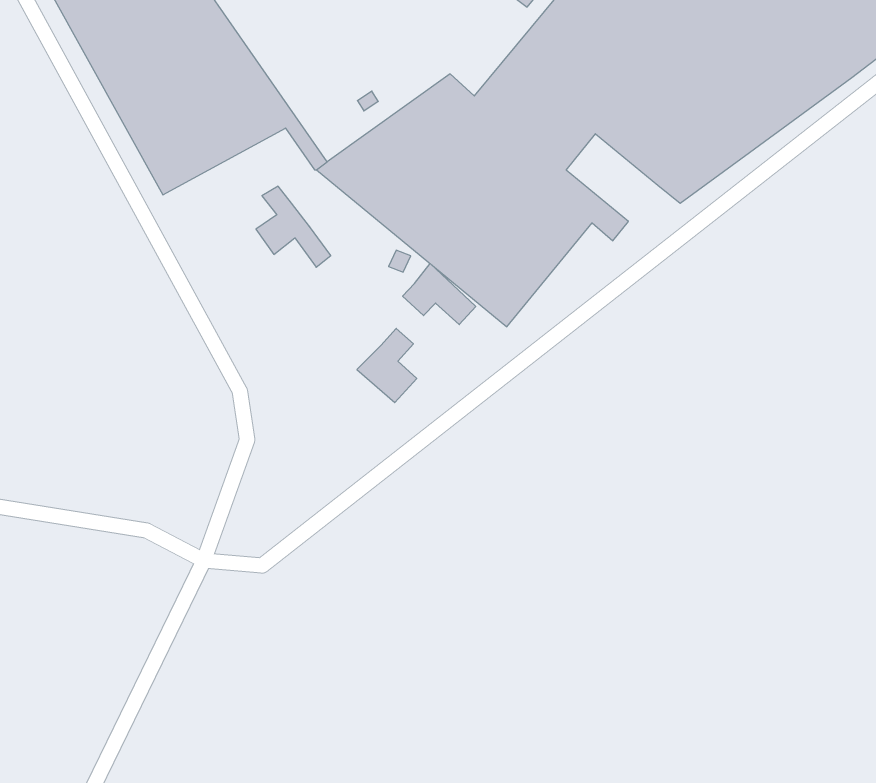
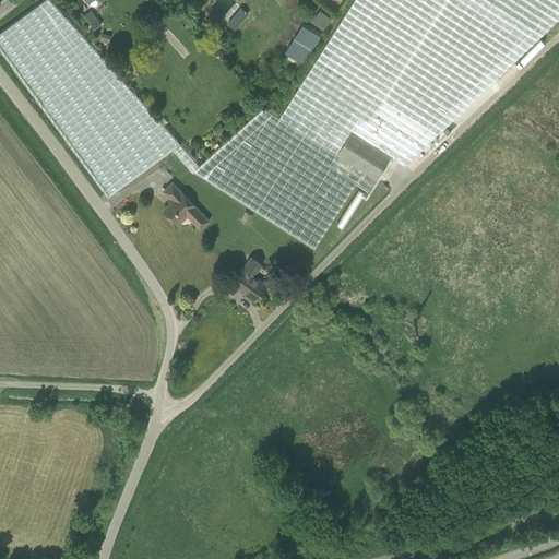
building: none -> [337,131,391,179]
building: [403,264,476,325] -> none

